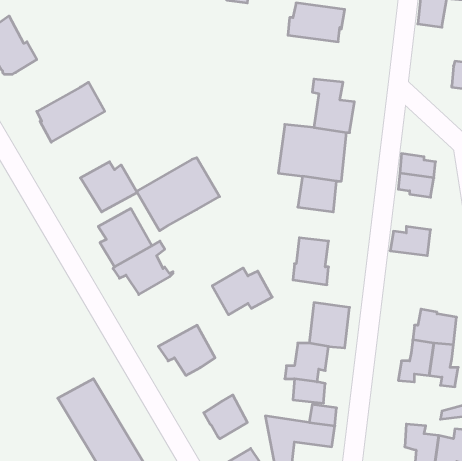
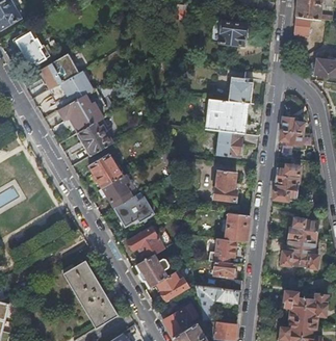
building: none -> [37,55,77,90]
building: [137,158,220,231] -> [57,89,110,136]
building: none -> [274,180,300,200]
building: [212,268,272,315] -> [114,196,153,227]
building: none -> [135,255,169,288]

